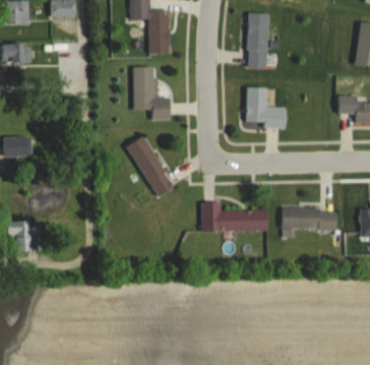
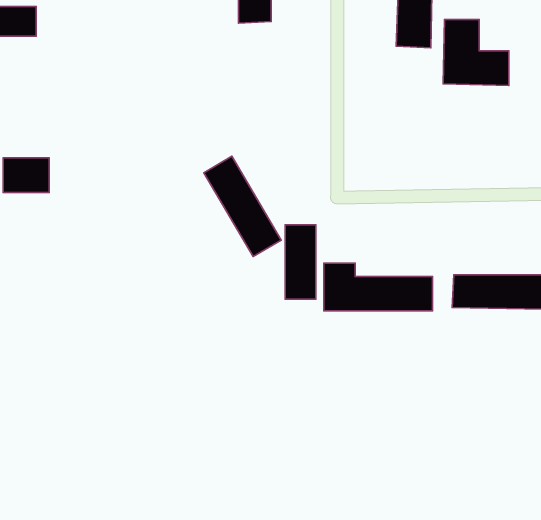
building: [133,66,171,120] -> none
building: [245,87,286,128] -> [443,20,509,85]
building: none -> [285,225,316,299]
building: [7,221,41,251] -> none

